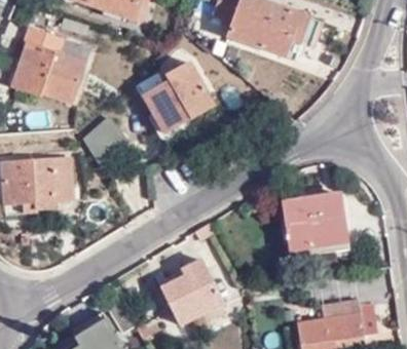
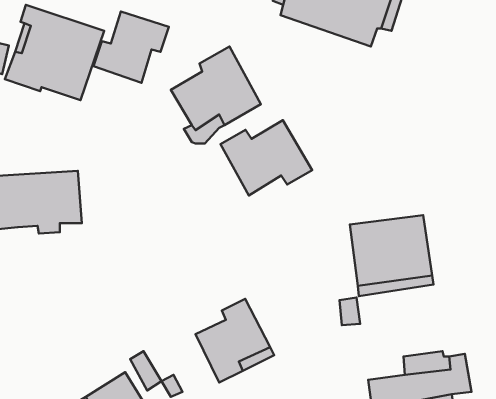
building: none -> [93,11,169,83]
building: [83,118,126,164] -> none
building: none -> [220,120,312,195]

